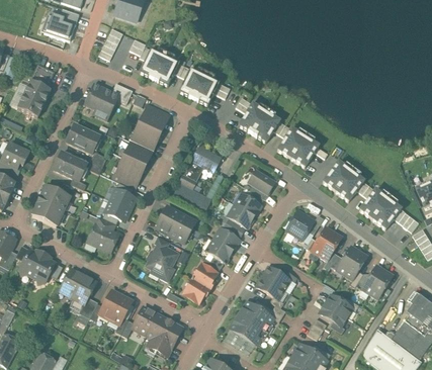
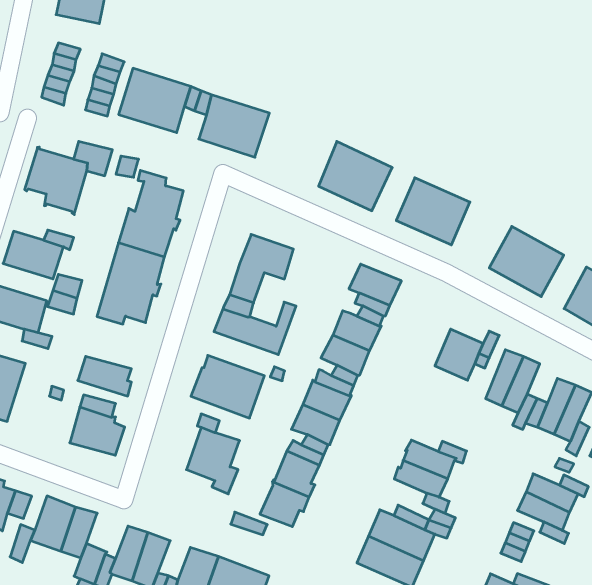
building: [102,184,134,207] -> none

